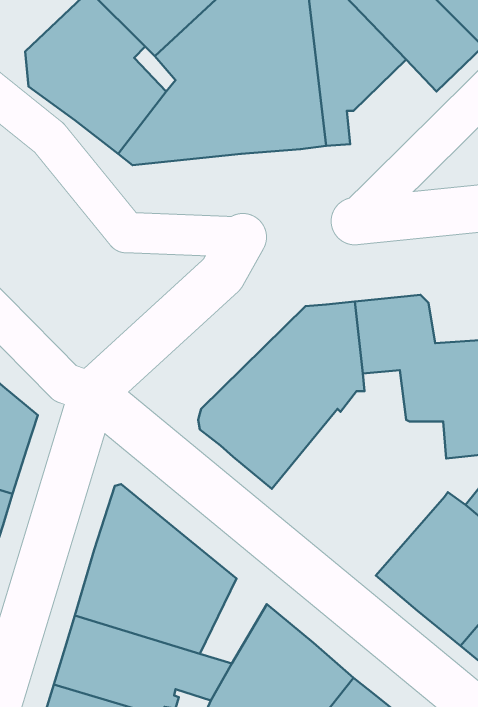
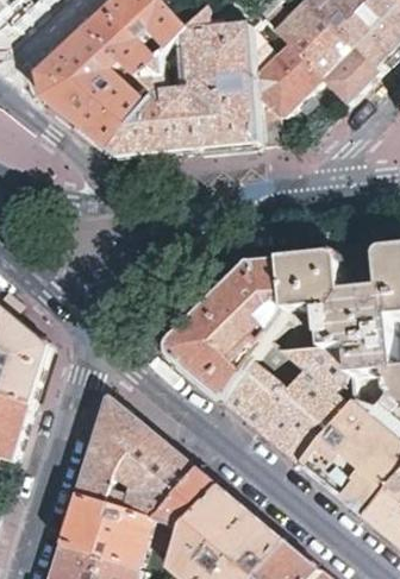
building: none -> [220,336,350,460]
building: none -> [167,462,217,525]

